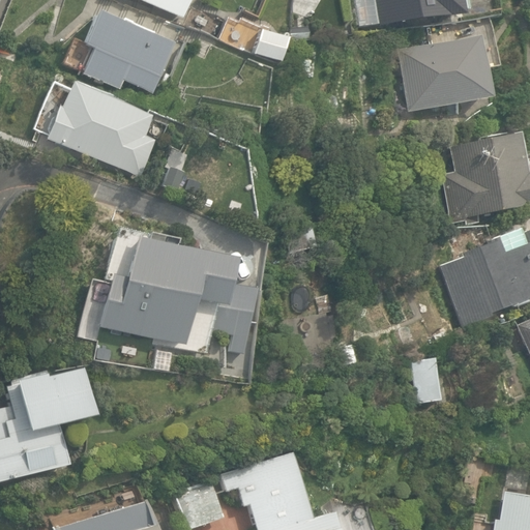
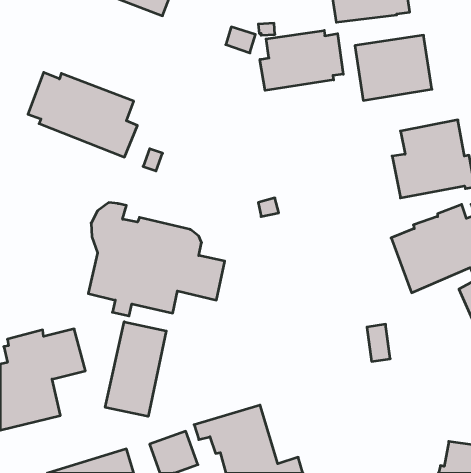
building: [84,11,176,91] -> none
building: none -> [260,30,343,90]
building: none -> [105,322,166,416]

